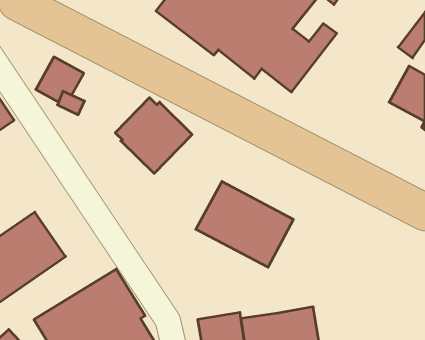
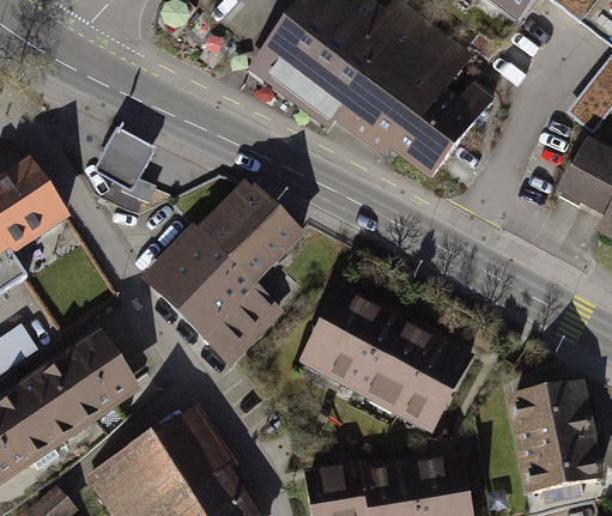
building: none -> [144,225,277,359]
building: none -> [400,344,466,425]
building: none -> [514,382,596,491]

